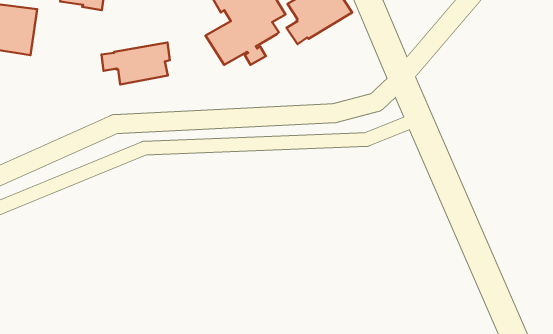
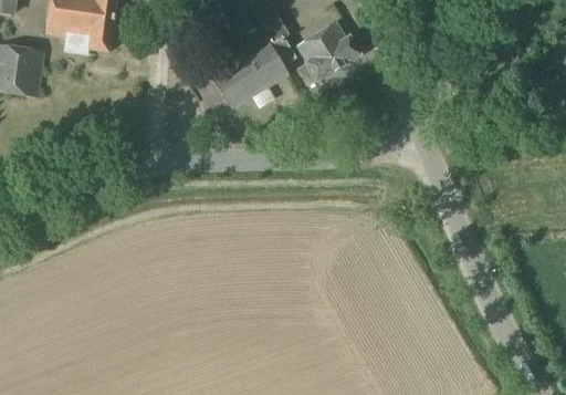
building: [102,42,170,84] -> none

